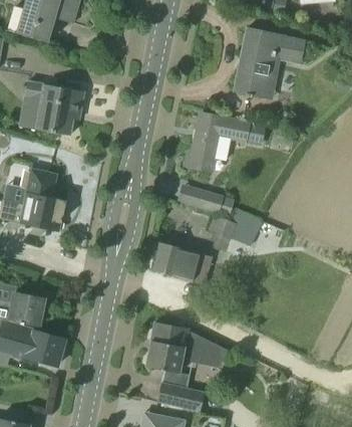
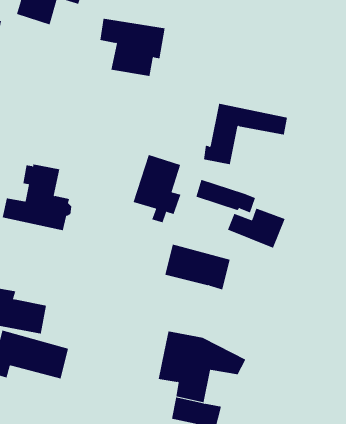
building: [234,28,304,98] -> none
building: [24,82,84,136] -> [100,18,166,76]
building: none -> [133,154,181,223]

